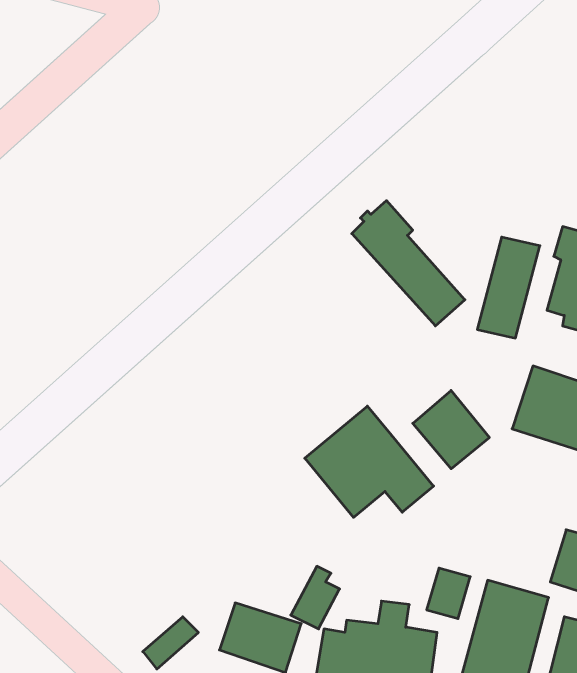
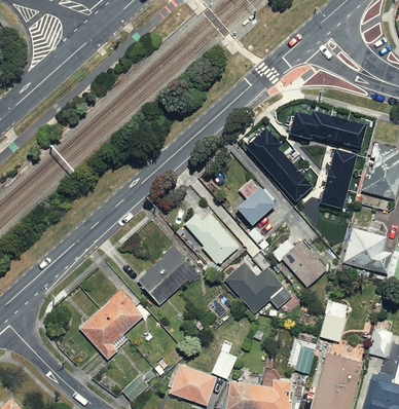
building: none -> [291,111,368,148]
building: none -> [234,175,279,226]
building: none -> [184,210,241,265]
building: none -> [137,246,199,306]
building: none -> [79,288,144,360]
building: none -> [318,300,352,344]

